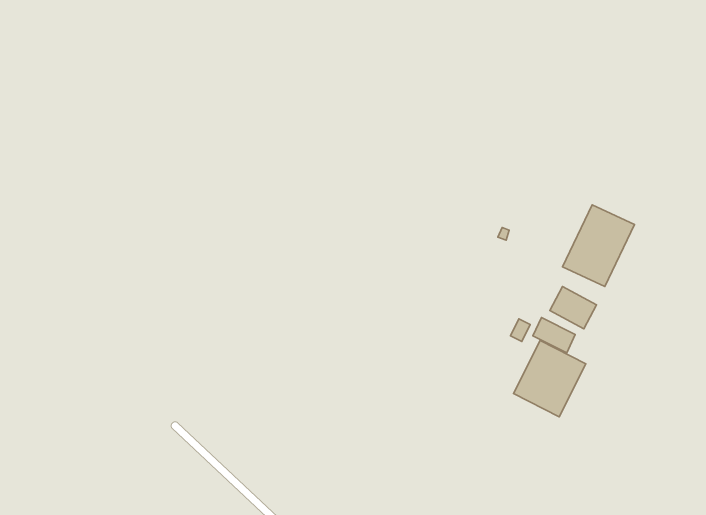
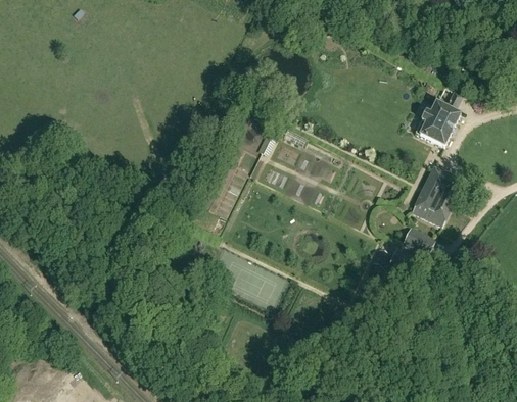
building: none -> [418,91,461,146]
building: [513,340,586,417] -> none

